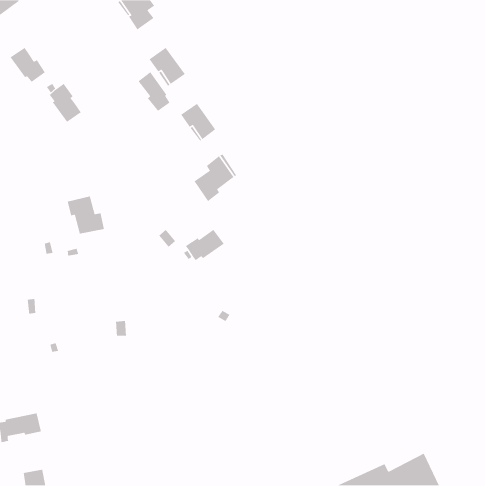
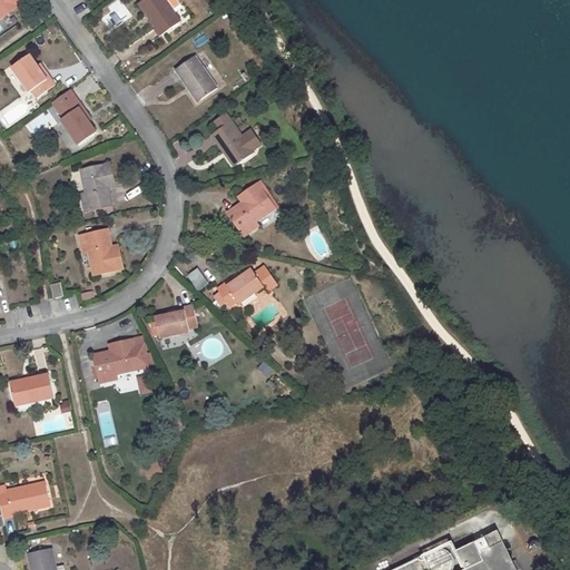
building: [137,71,170,112] -> none
building: none -> [79,163,114,212]
building: none -> [154,305,197,338]
building: none -> [91,336,148,383]
building: none -> [10,373,52,405]

